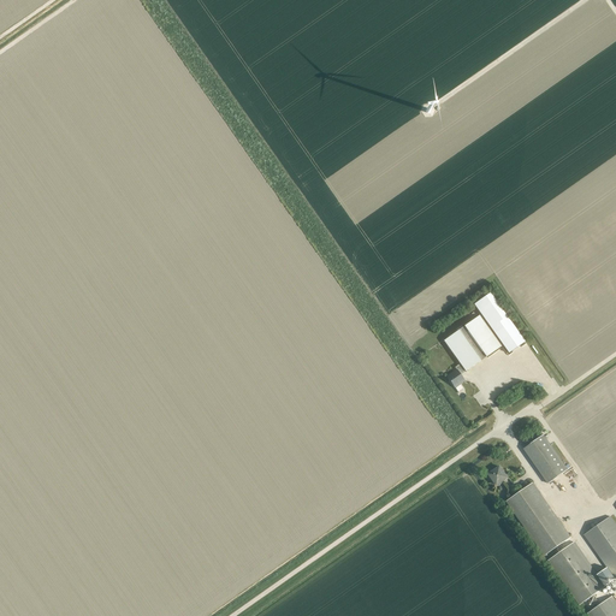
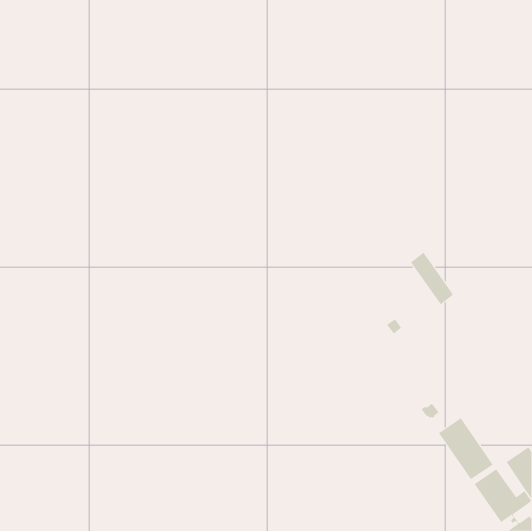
building: [444,314,500,371] -> none
building: [523,434,568,482] -> none

